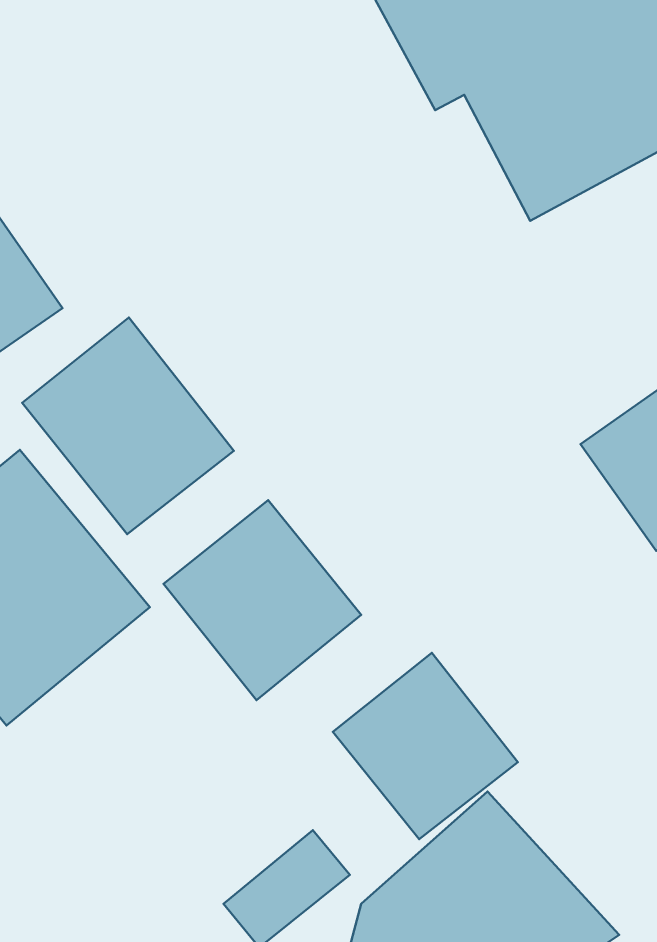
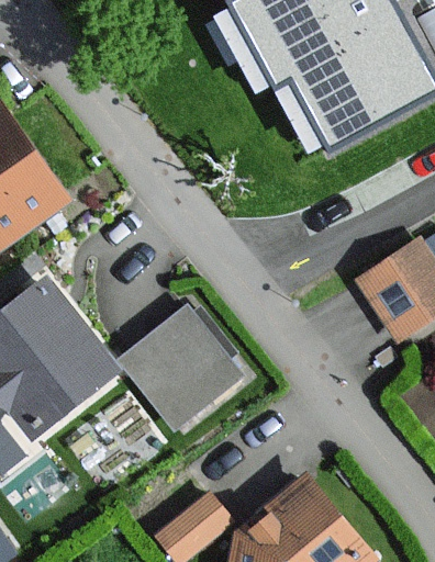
building: [22,318,234,534] -> none
building: [333,653,518,839] -> none

